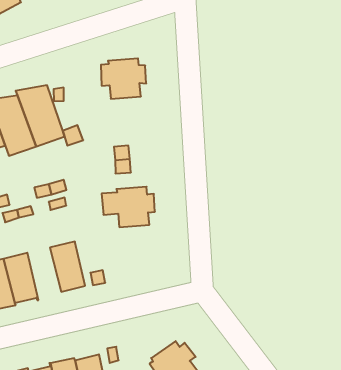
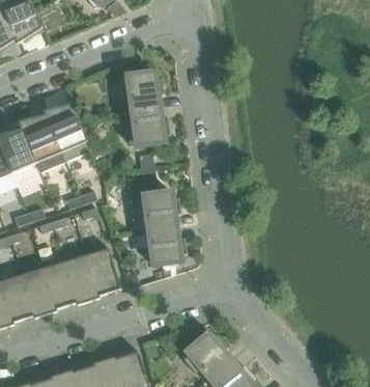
building: none -> [125,107,169,145]
building: none -> [145,226,186,265]
building: none -> [63,254,98,304]

